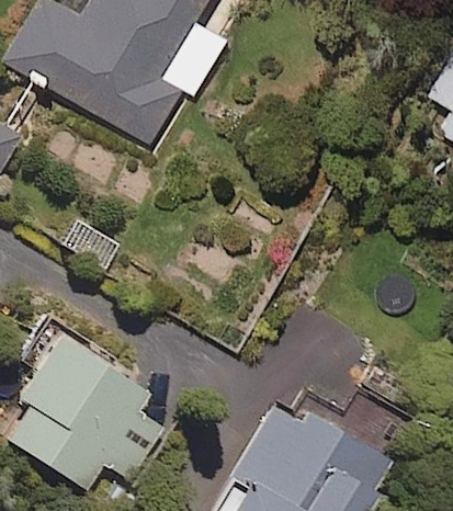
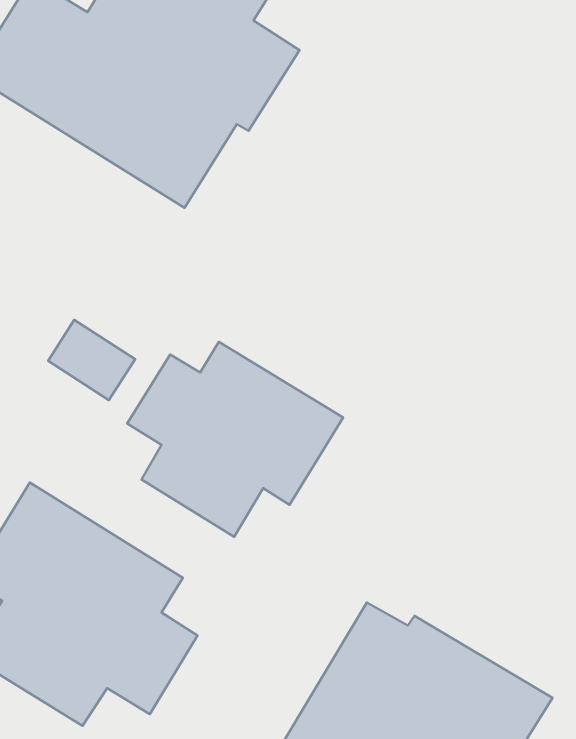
building: none -> [127,342,343,537]

